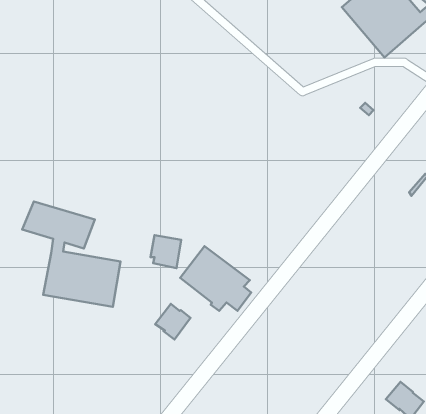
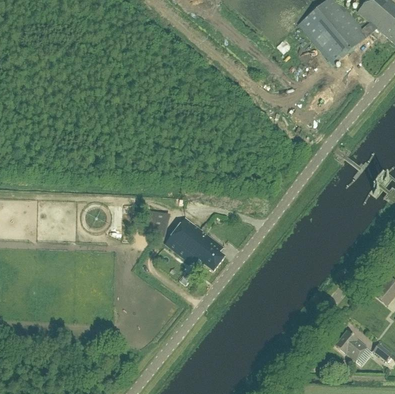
building: [22,202,121,307] -> none
building: [155,304,191,339] -> none

